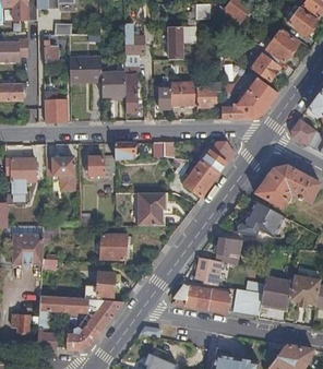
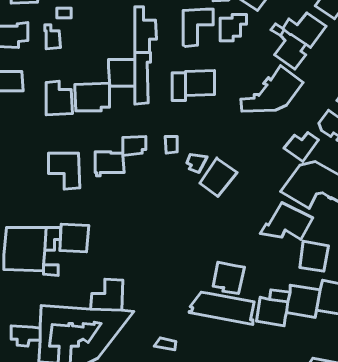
building: [69,57,100,82] -> [75,83,110,111]
building: [196,83,220,107] -> [220,14,247,41]
building: [200,148,231,175] -> [284,133,319,161]
building: [10,157,35,193] -> none
building: [136,192,164,225] -> none
building: [100,234,127,259] -> [60,224,89,252]
building: [216,236,242,263] -> [300,241,329,271]

